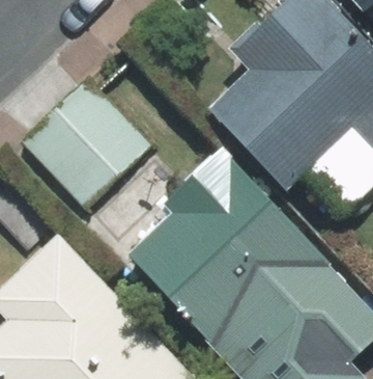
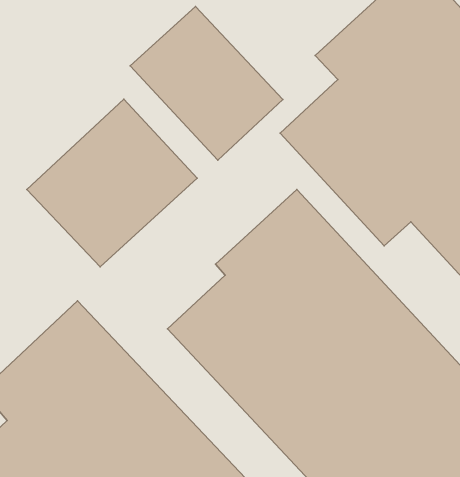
building: none -> [130,7,283,160]

